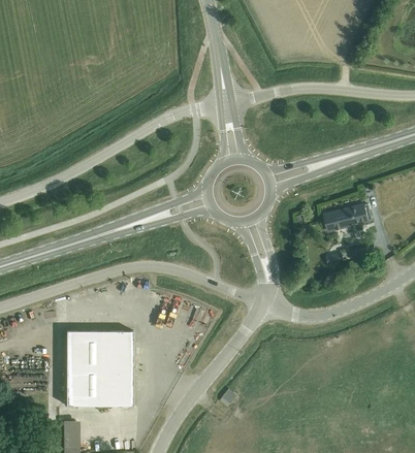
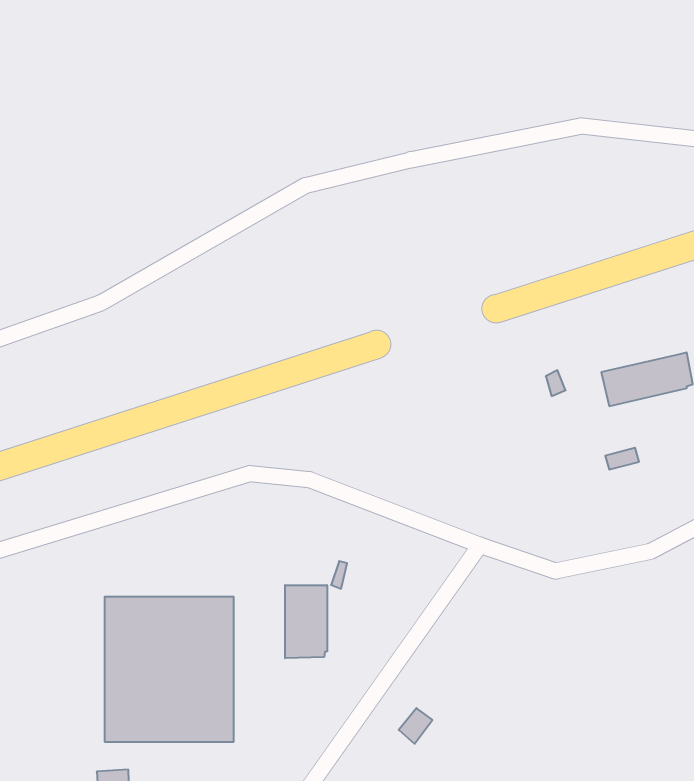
building: none -> [285,585,327,658]

